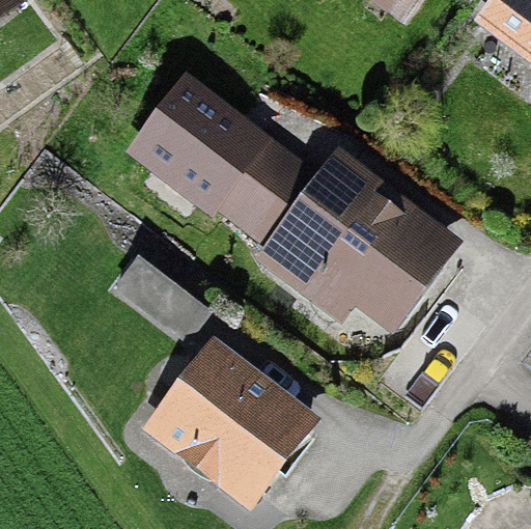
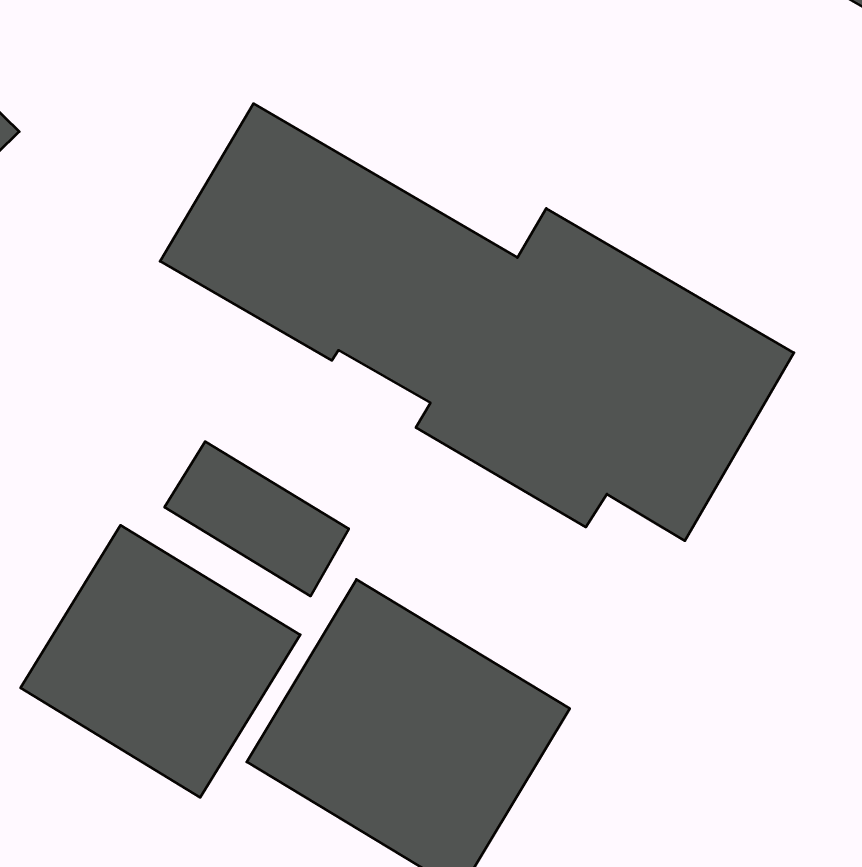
building: none -> [21,525,300,797]

